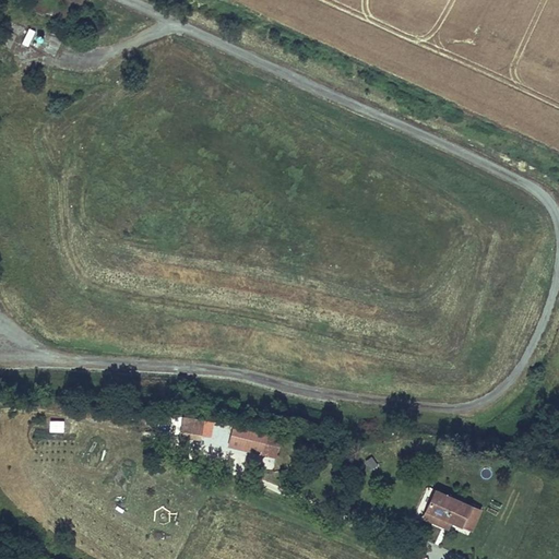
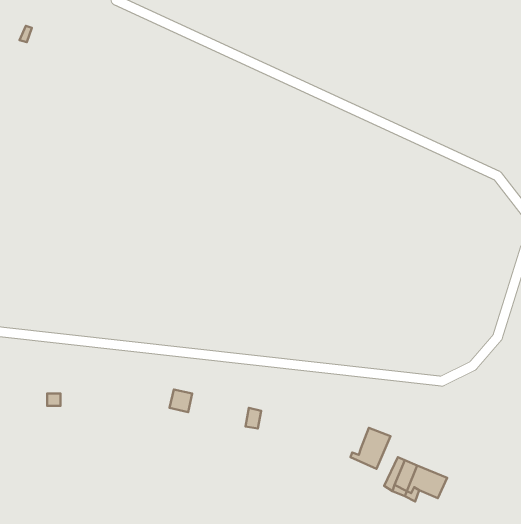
building: [235,428,269,454] -> none
building: none -> [351,428,390,469]

